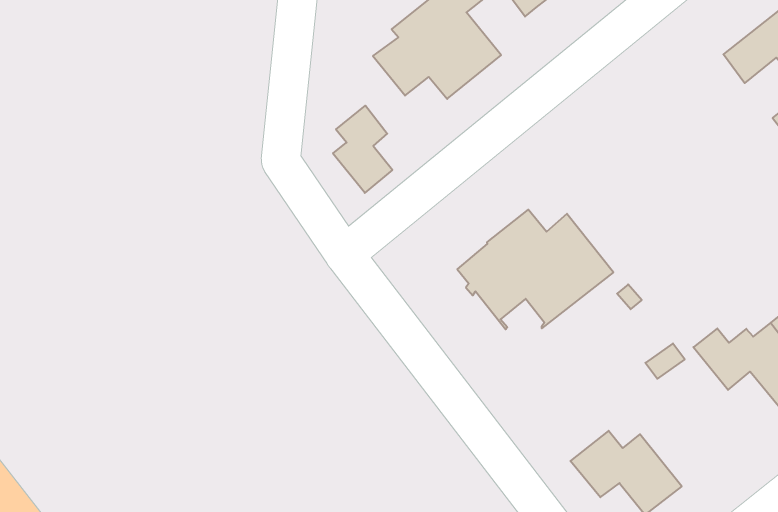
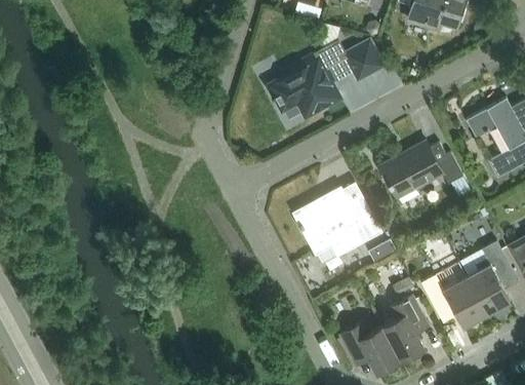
building: none -> [379,141,462,205]
building: [333,106,392,193] -> none
building: none -> [381,295,425,360]

